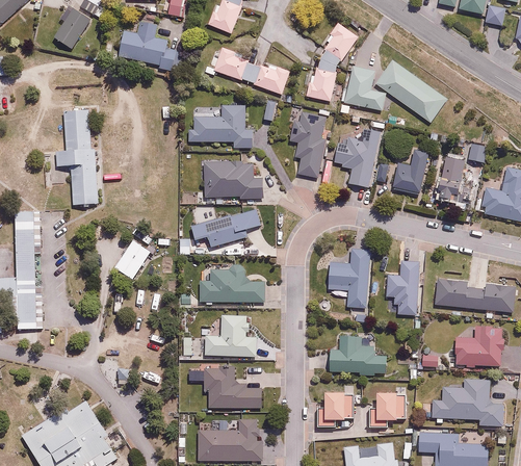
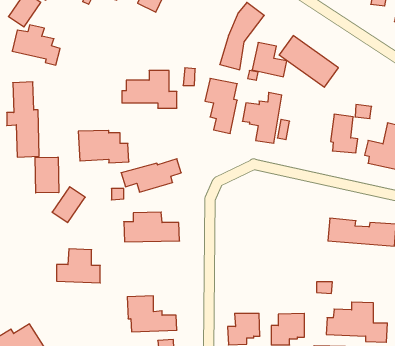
building: [120,23,177,71] -> [12,25,60,65]
building: [205,46,291,94] -> none
building: [394,149,429,197] -> none
building: [205,160,265,199] -> [78,130,129,163]
building: none -> [35,157,59,193]
building: [329,247,371,307] -> none
building: [389,260,419,315] -> none
building: [199,320,251,361] -> [57,249,100,283]
building: [454,327,504,365] -> none
building: [331,334,388,374] -> none

